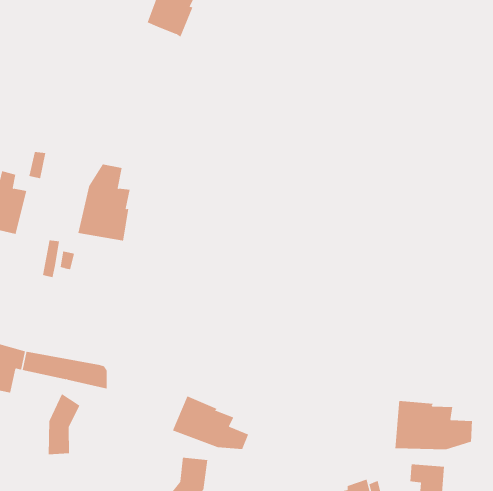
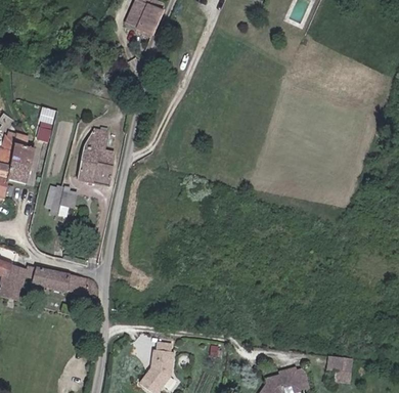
building: [48,393,80,455] -> none
building: [172,395,249,450] -> none
building: [395,400,473,450] -> none

